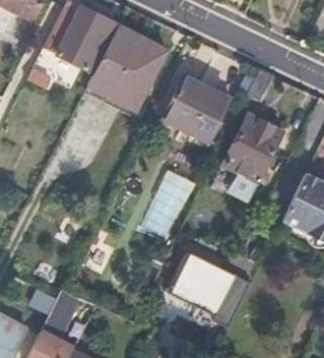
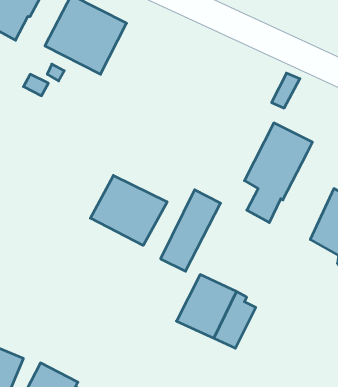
building: [88,22,168,108] -> none
building: [167,77,233,140] -> none
building: none -> [90,175,167,245]
building: [42,289,81,337] -> none

